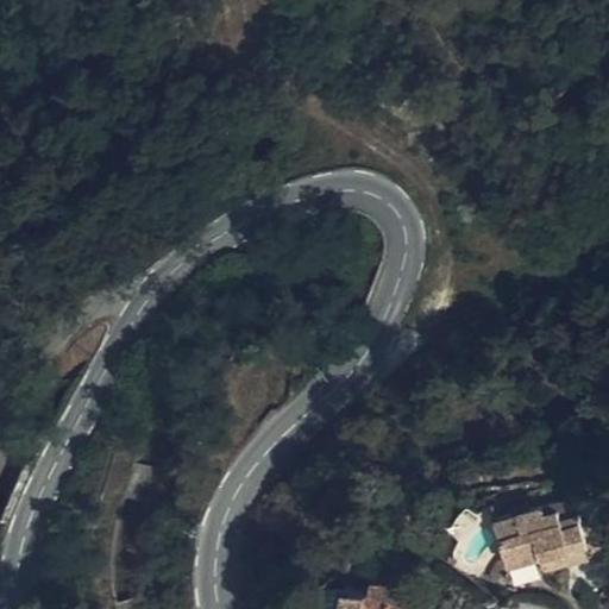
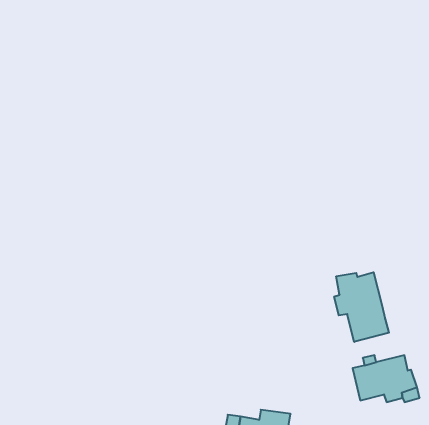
building: none -> [334,272,389,342]

